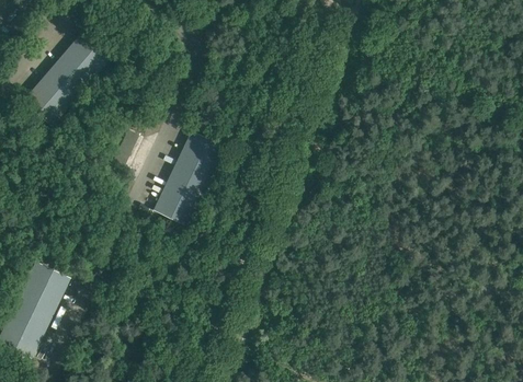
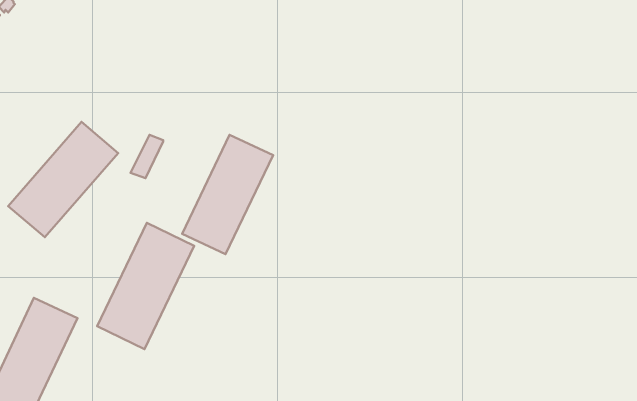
building: [21,34,110,127] -> [8,122,118,237]
building: none -> [97,223,194,349]

